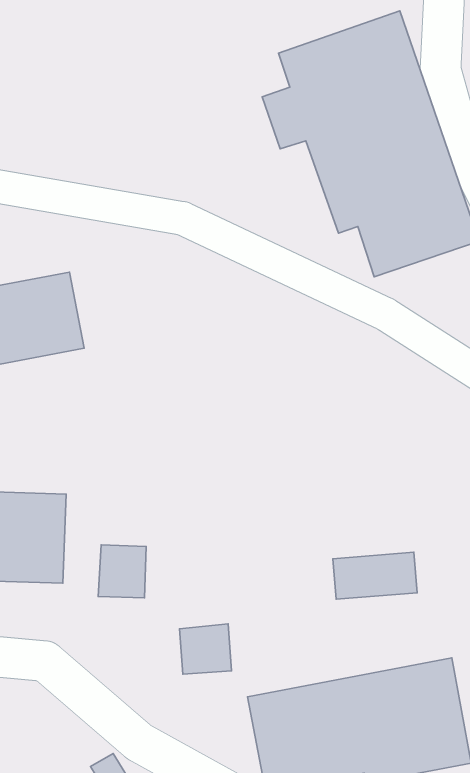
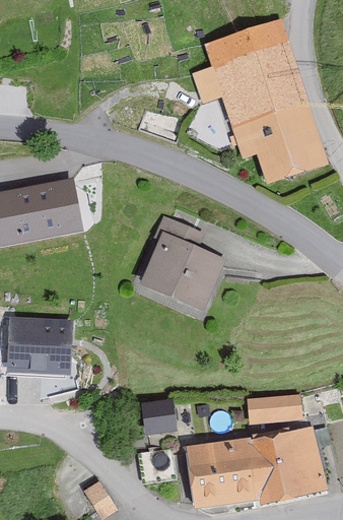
building: none -> [141,216,225,310]
building: [98,545,146,598] -> none
building: [333,552,417,599] -> [248,396,300,426]

